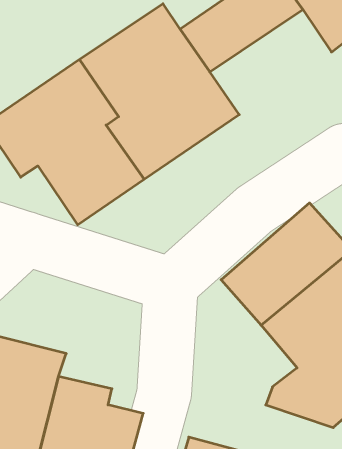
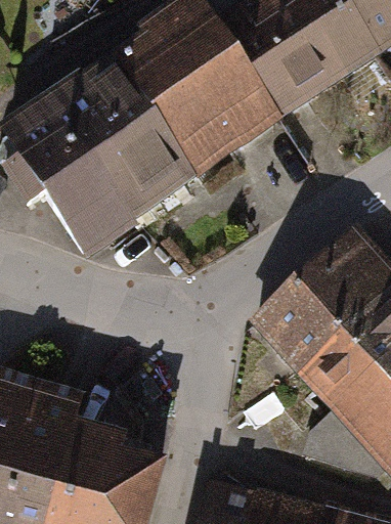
building: none -> [240,23,371,136]

